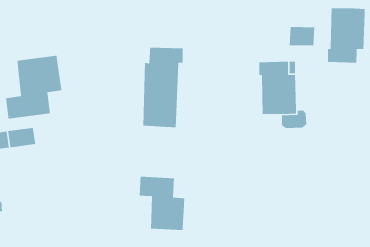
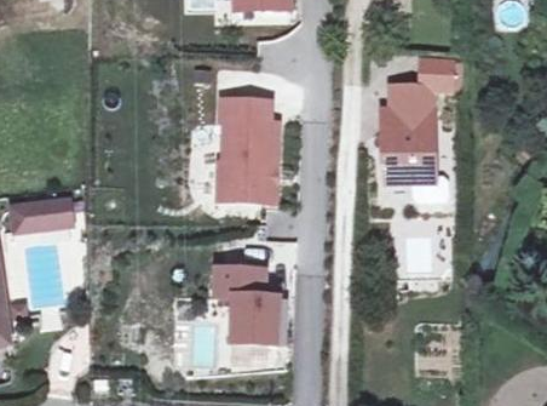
building: [327,8,365,63] -> none
building: [5,55,62,120] -> none

